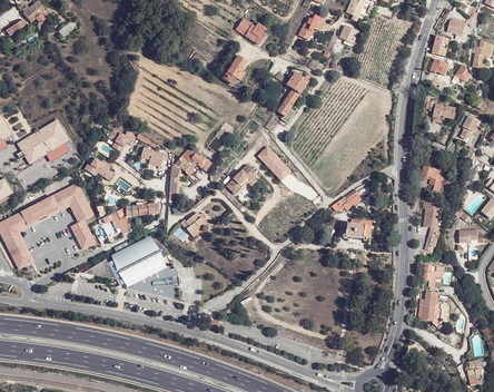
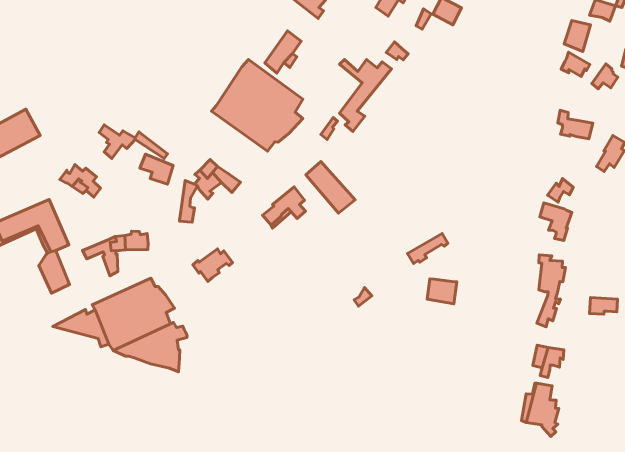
building: none -> [211,59,303,151]

